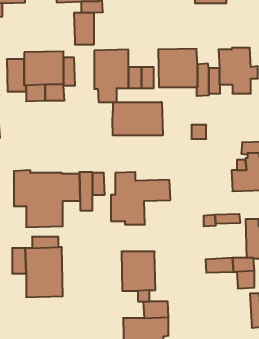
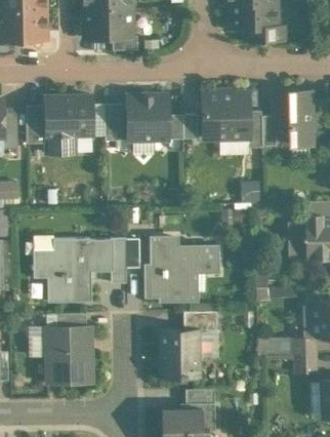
building: [74,13,94,44] -> [106,104,129,141]
building: [113,102,163,135] -> none
building: none -> [188,312,219,332]

